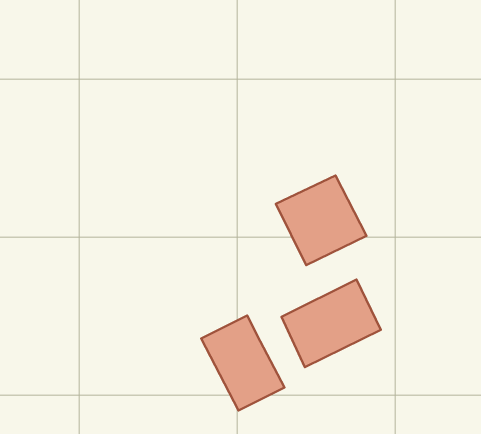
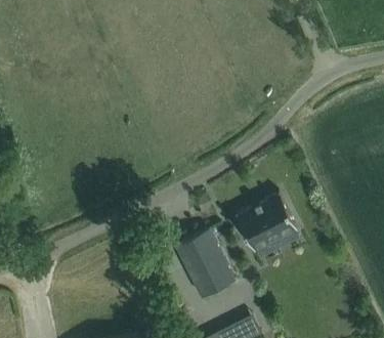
building: [276,175,366,265] -> none

